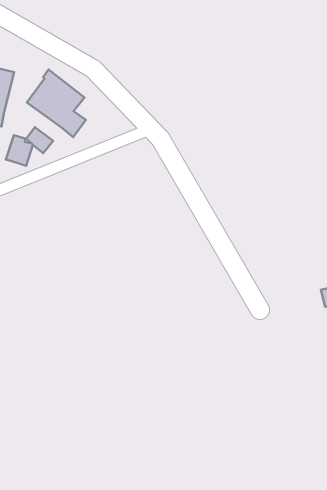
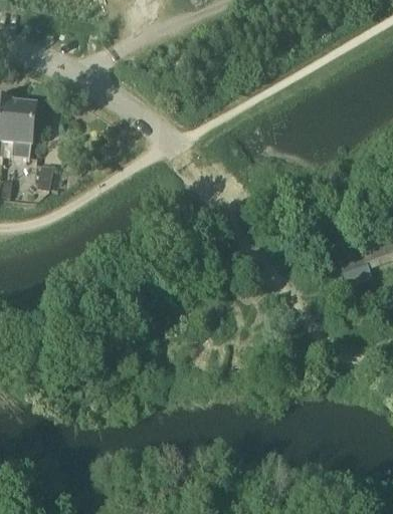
building: [27,69,86,137] -> none

